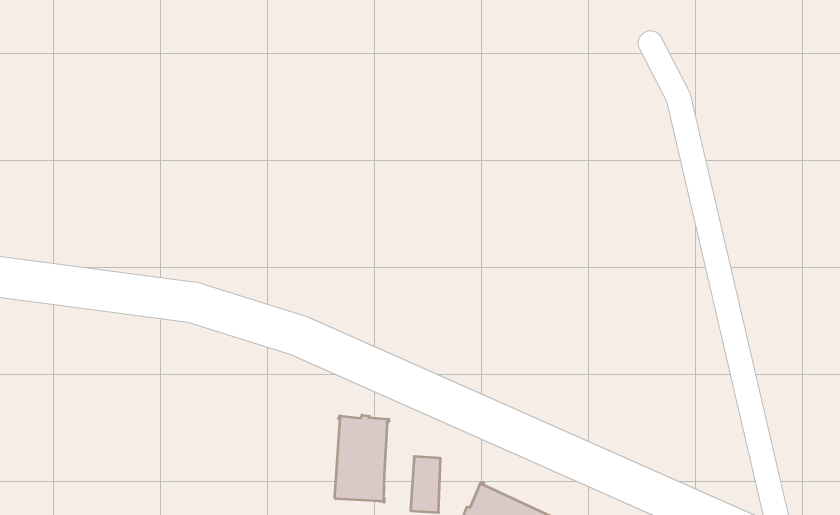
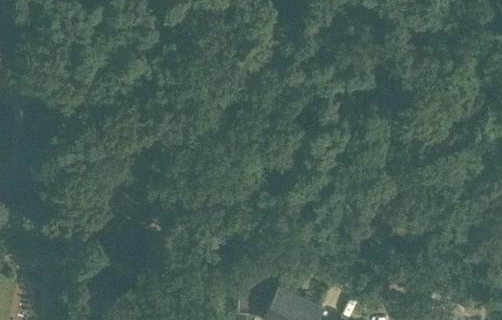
building: [335,415,389,502] -> none

